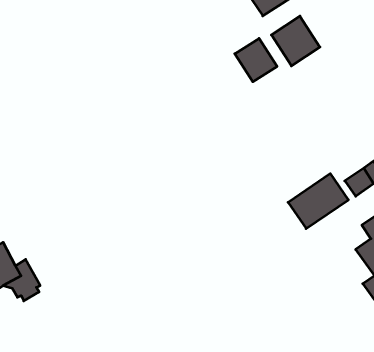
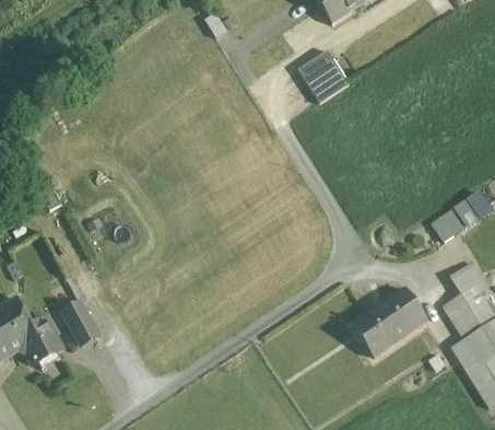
building: [271,16,320,66] -> none
building: [288,174,348,229] -> [353,288,426,355]
building: none -> [62,301,97,344]

